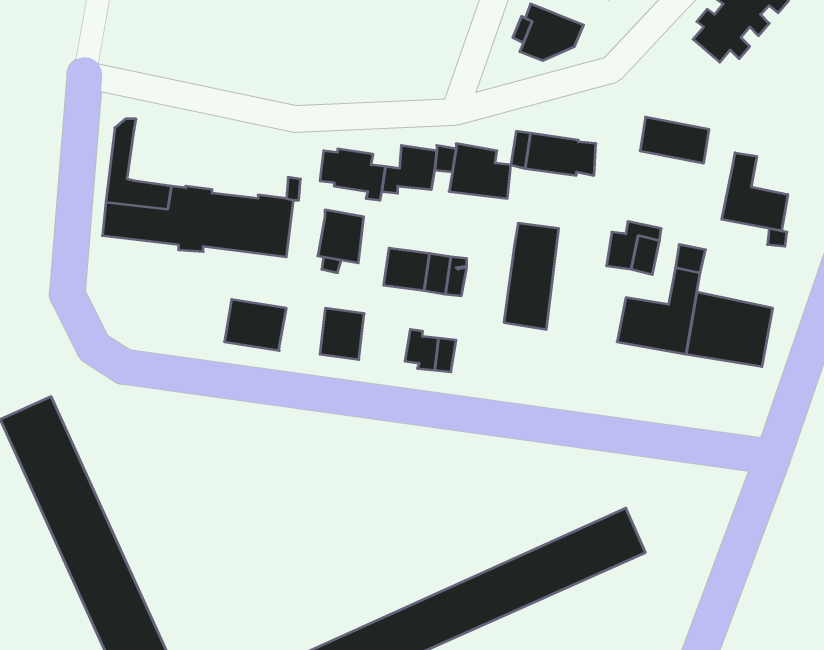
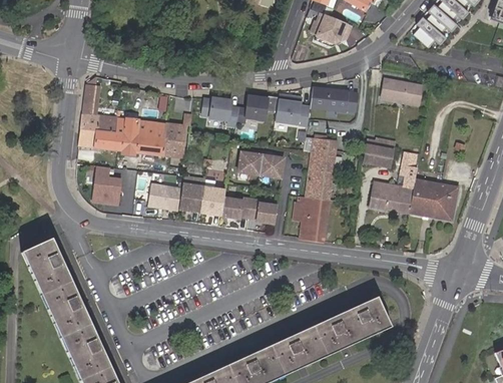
building: [722,153,788,231] -> none
building: [318,210,364,263] -> [179,182,205,213]
building: none -> [92,164,122,206]
building: none -> [292,195,331,241]
building: none -> [224,198,254,218]

